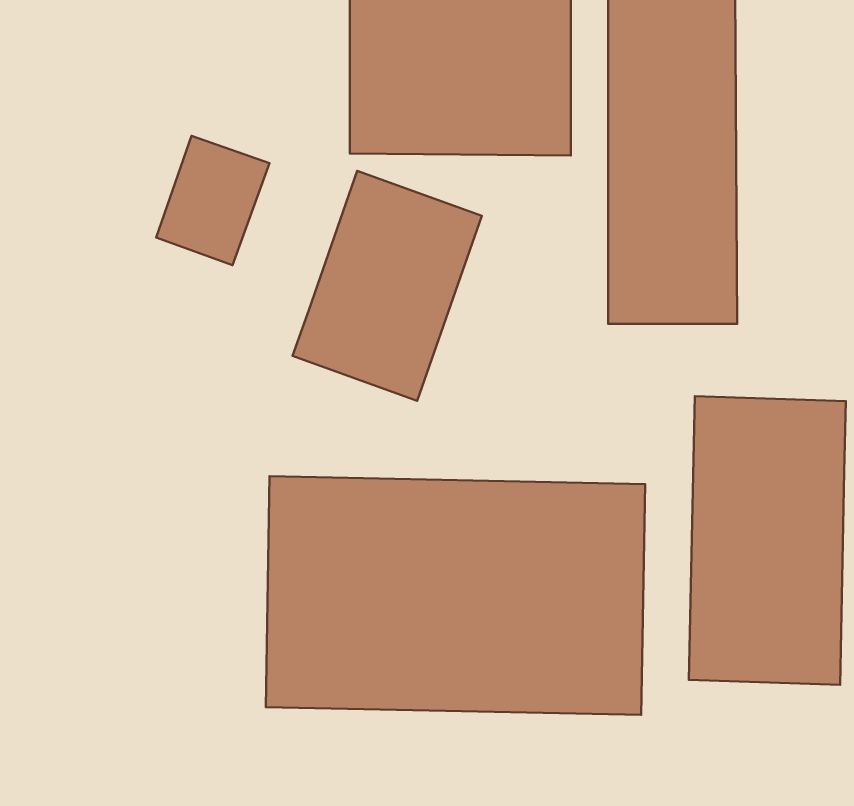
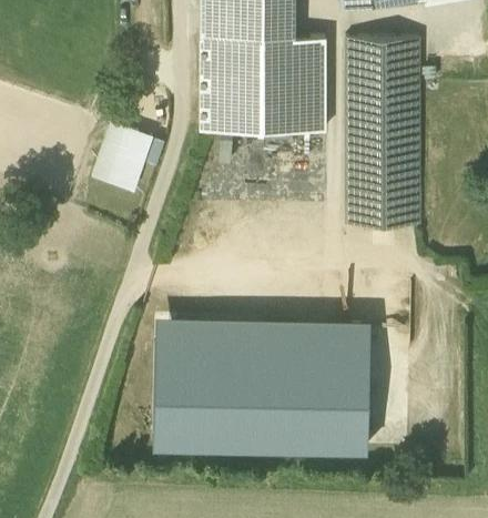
building: [293,171,482,401] -> none
building: [689,396,846,685] -> none

